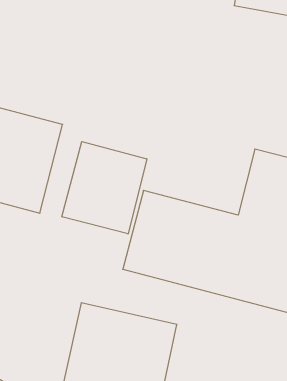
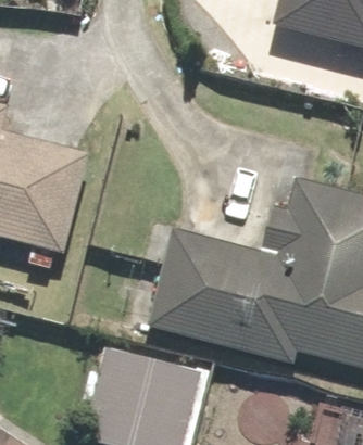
building: [62,142,147,234] -> none

